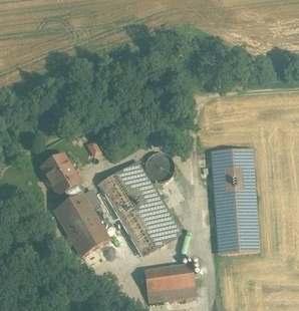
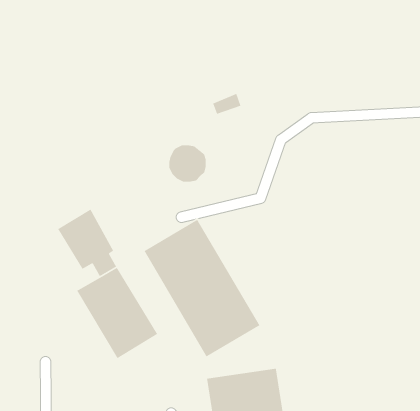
building: [213,149,258,254] -> none
building: [146,152,173,179] -> [169,144,207,182]

